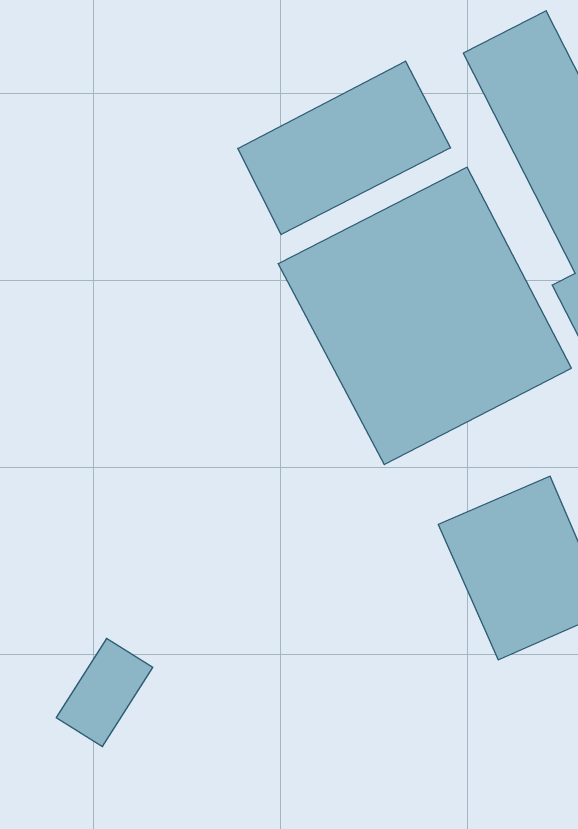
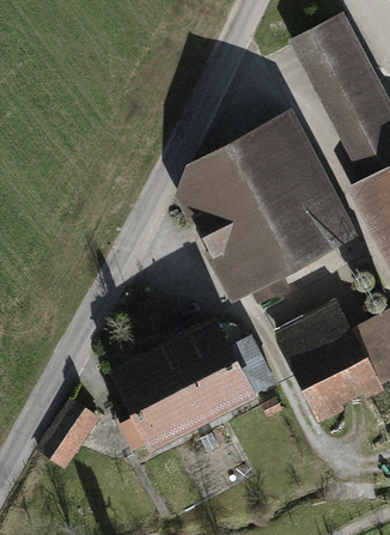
building: [238,61,451,235] -> none
building: none -> [100,314,255,454]

